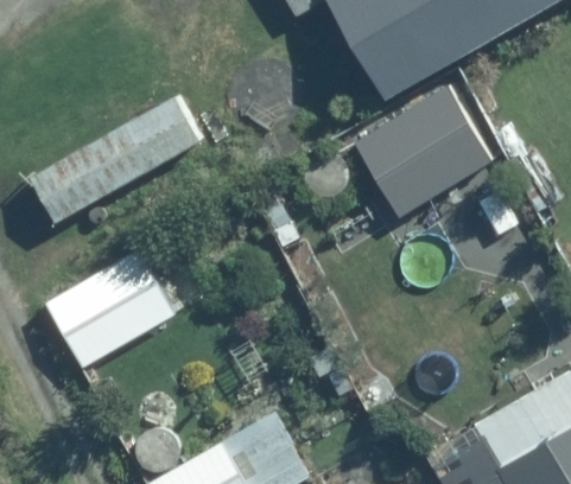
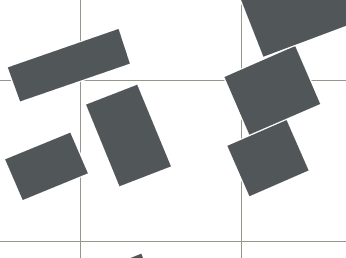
building: none -> [85,84,172,187]
building: none -> [226,119,310,197]

